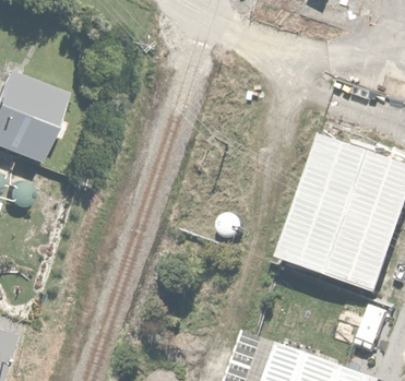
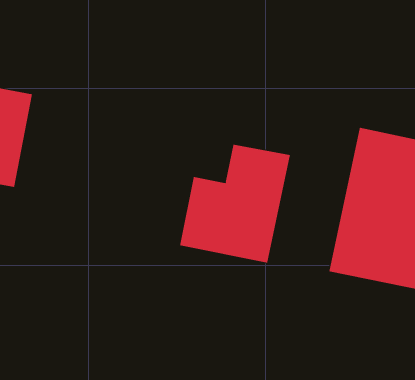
building: none -> [179,144,290,263]

